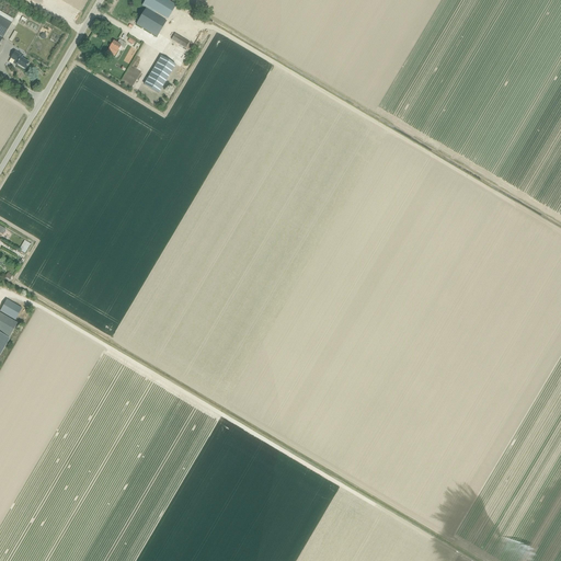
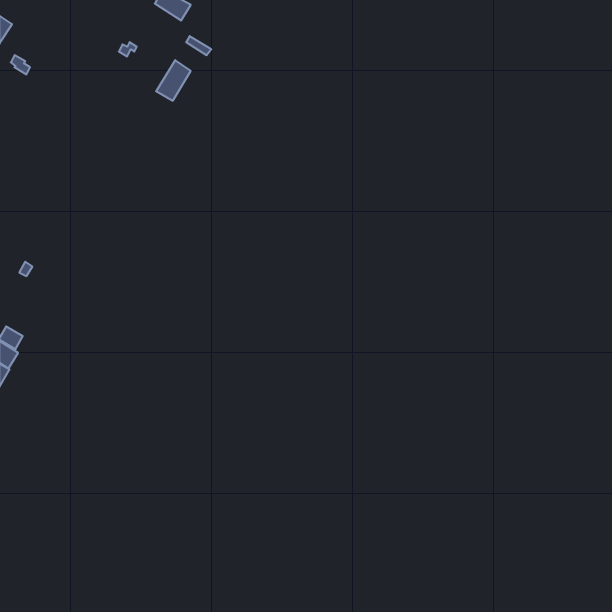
building: [135,8,165,36] -> none

